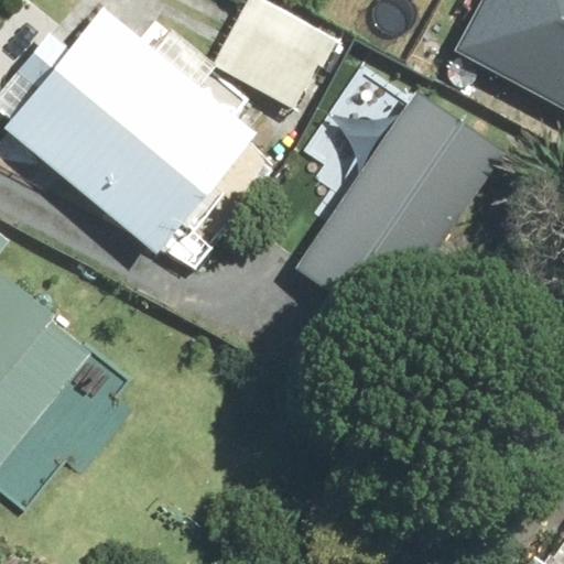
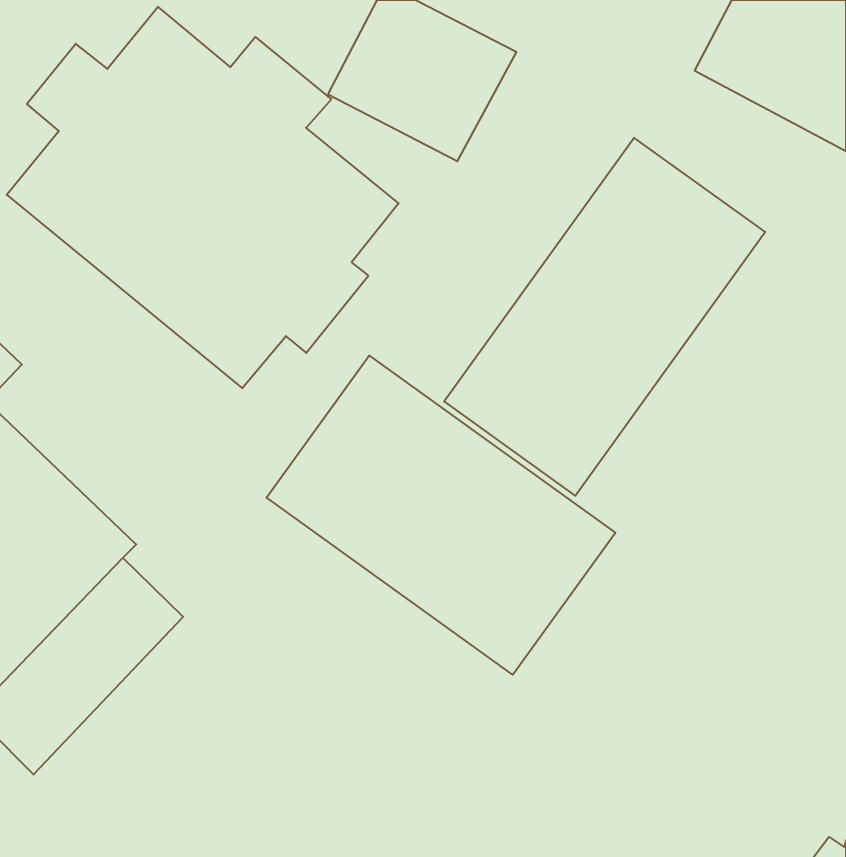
building: none -> [267,356,615,675]

